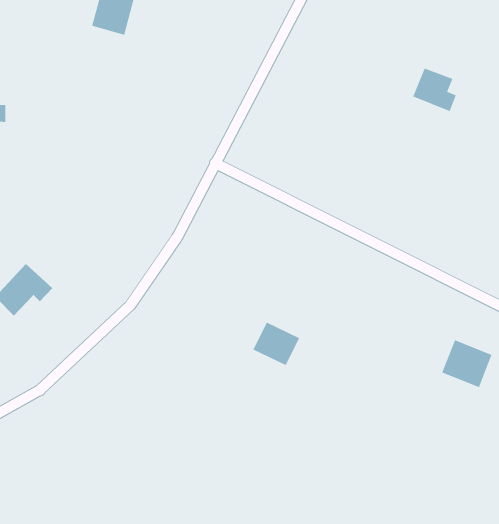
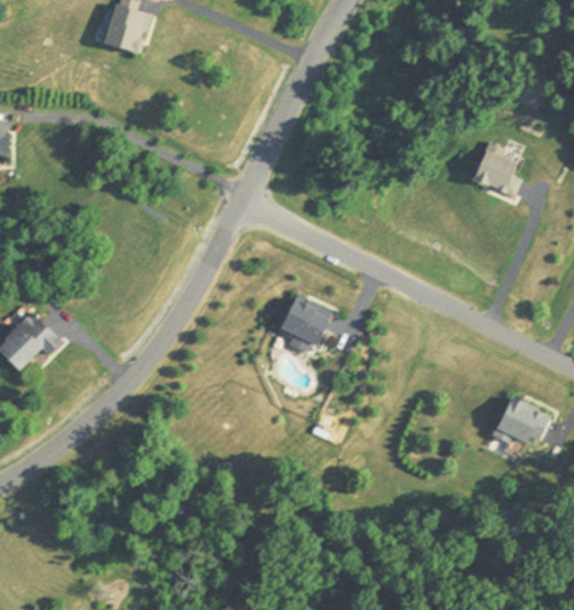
building: [412,68,457,112] -> [472,147,522,196]
building: [252,322,300,366] -> [278,293,331,343]

